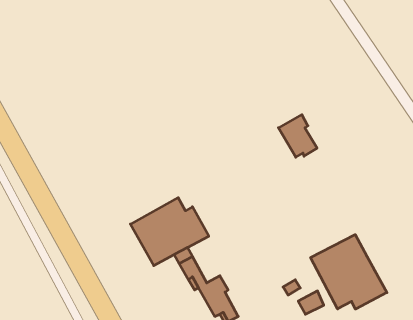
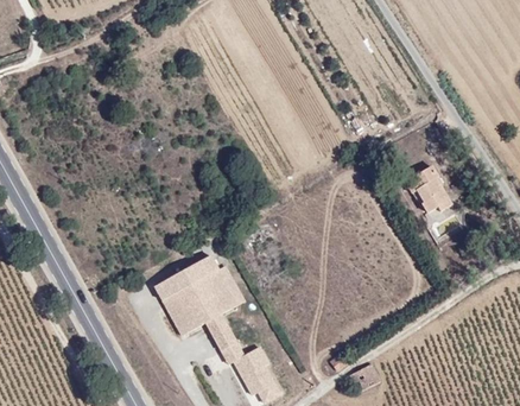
building: [278,115,317,157] -> [406,164,451,214]
building: [311,235,387,309] -> none

